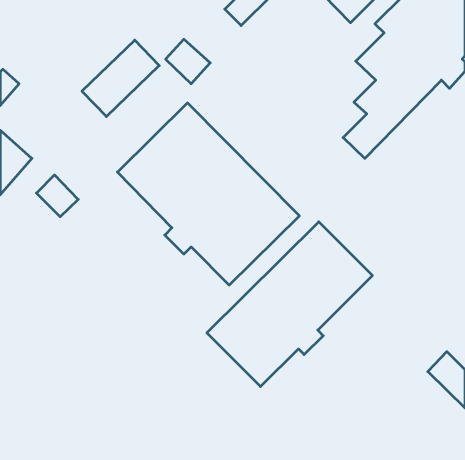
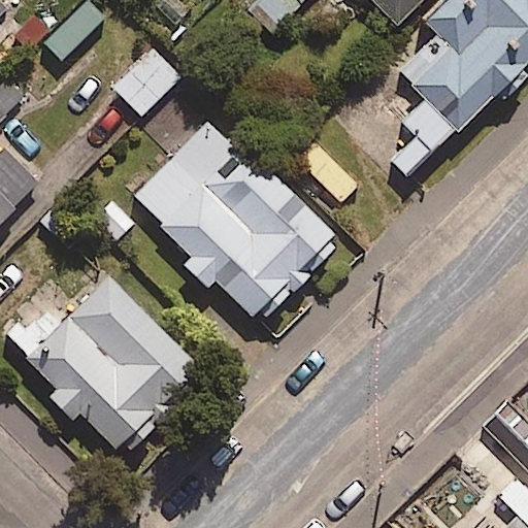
building: [207,222,372,387] -> none
building: none -> [25,275,203,453]

